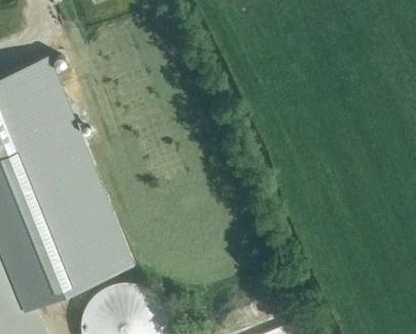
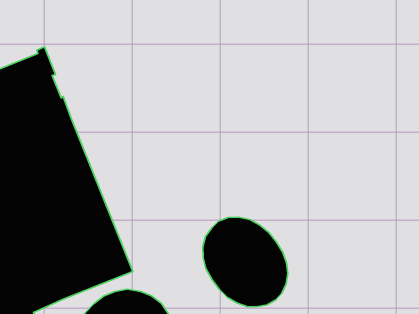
building: none -> [203,217,288,307]

